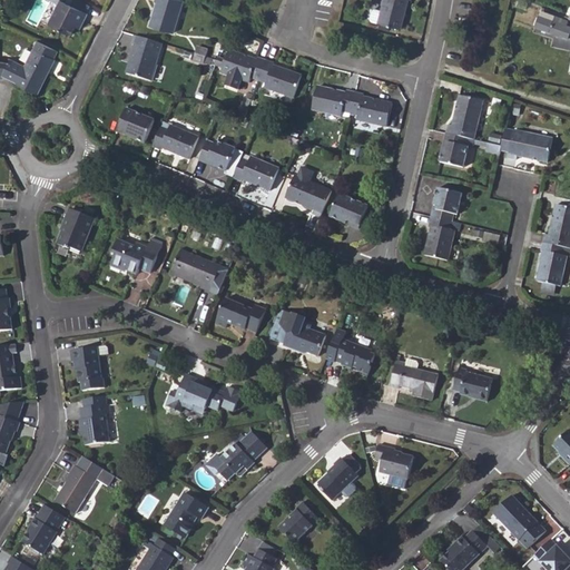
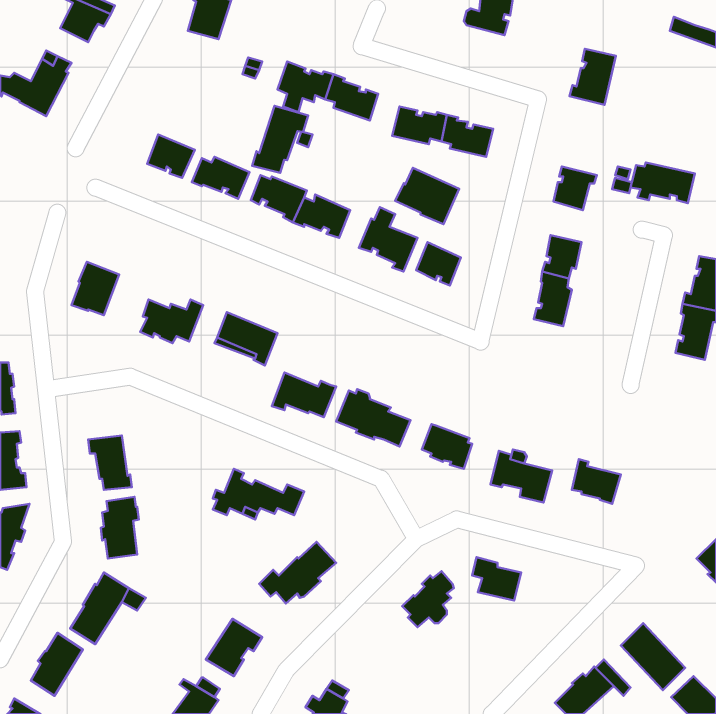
building: [126,35,163,80] -> none
building: none -> [252,106,308,173]
building: [446,95,483,139] -> [570,49,616,105]
building: none -> [395,168,459,224]
building: [278,500,321,542] -> none

